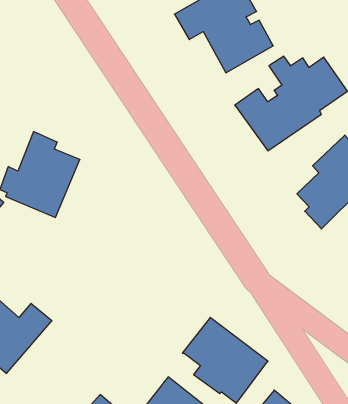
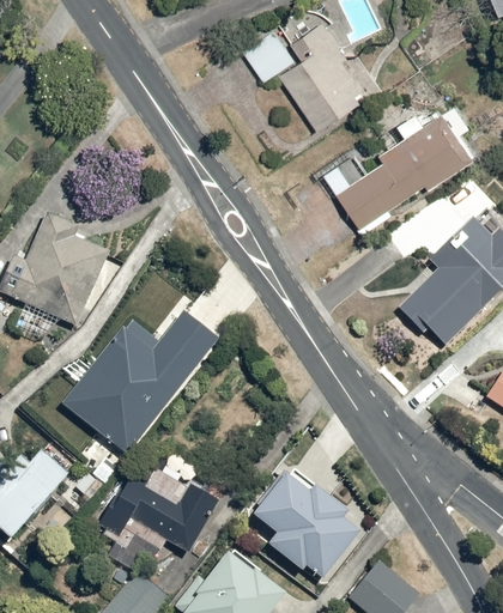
building: none -> [62,311,219,456]
building: none -> [92,465,223,552]

